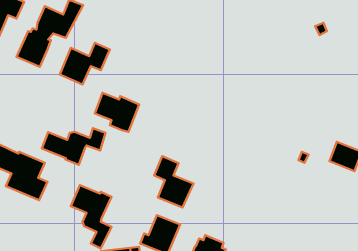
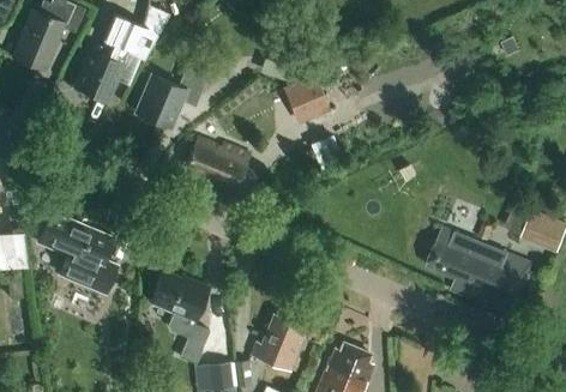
building: none -> [282,74,330,123]
building: [42,128,106,165] -> none
building: none -> [427,225,534,315]
building: [154,156,194,208] -> none

